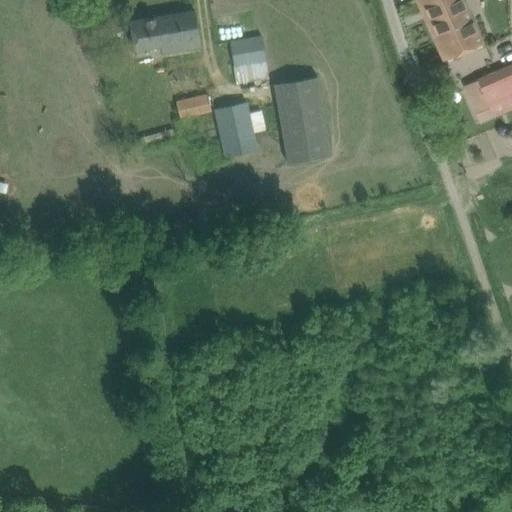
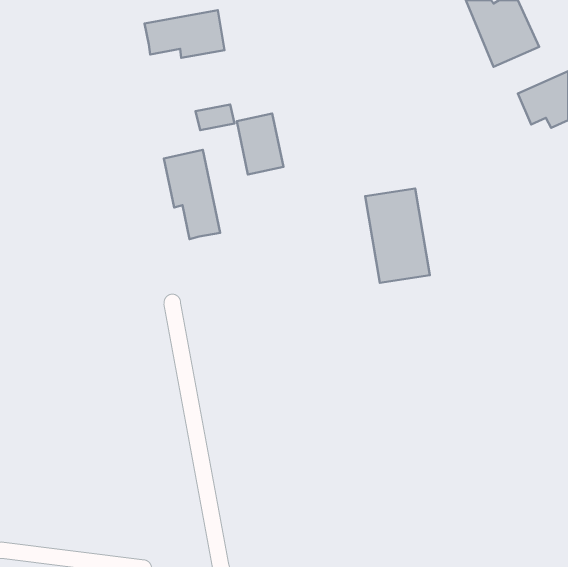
building: [232,36,269,81] -> none
building: [274,76,332,161] -> [365,188,430,283]
building: none -> [164,150,220,239]

